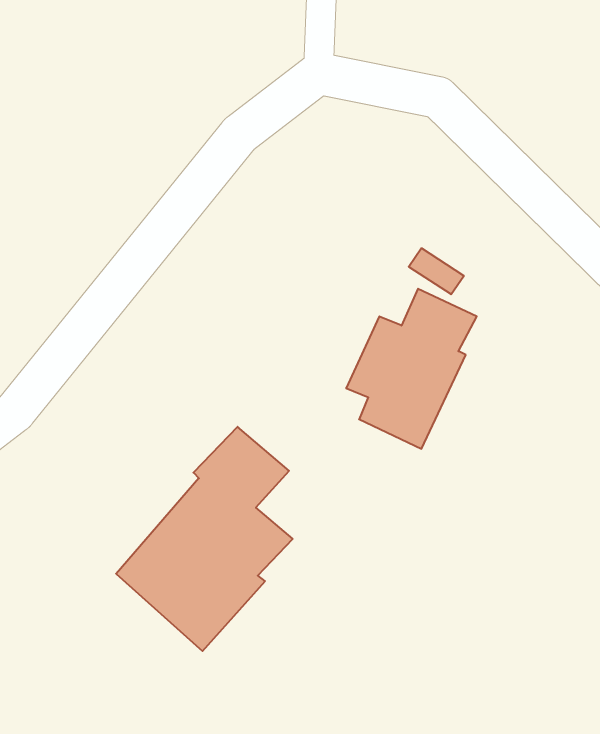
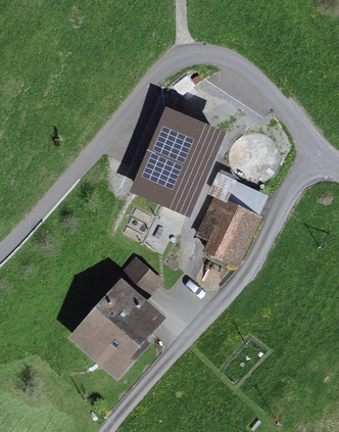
building: none -> [130,107,227,221]

